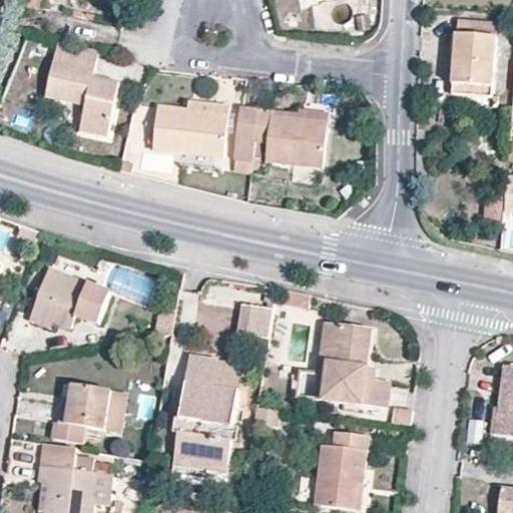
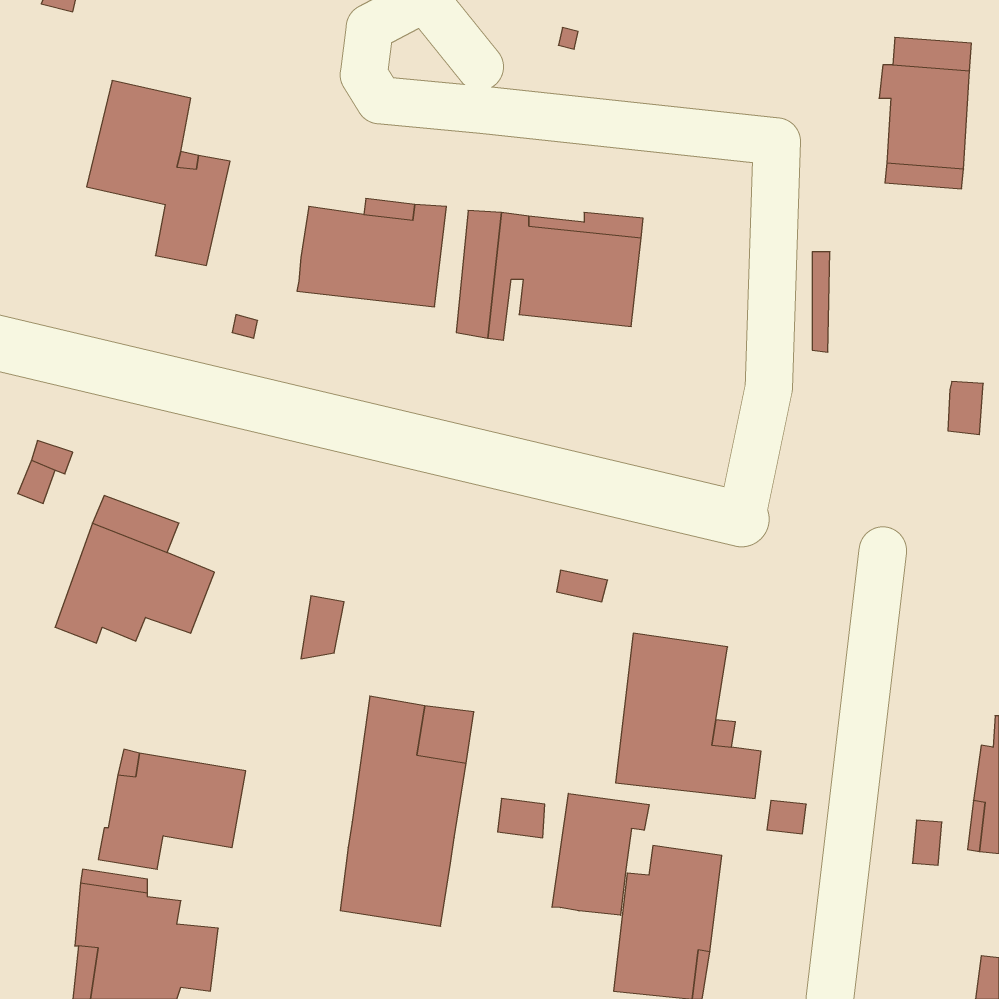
building: [235,304,271,338] -> none
building: none -> [552,793,649,915]

